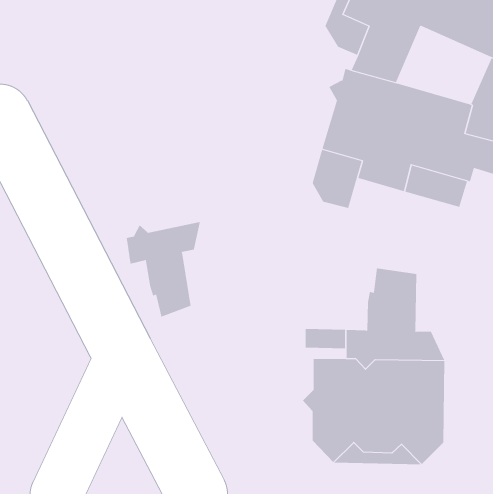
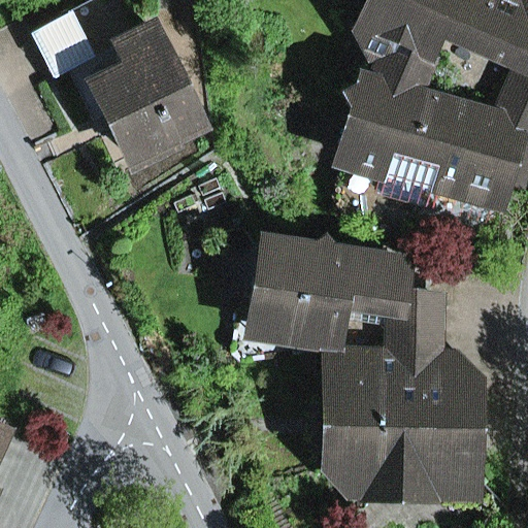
building: none -> [46,12,203,153]
building: [126,221,200,317] -> none
building: none -> [235,238,406,360]

